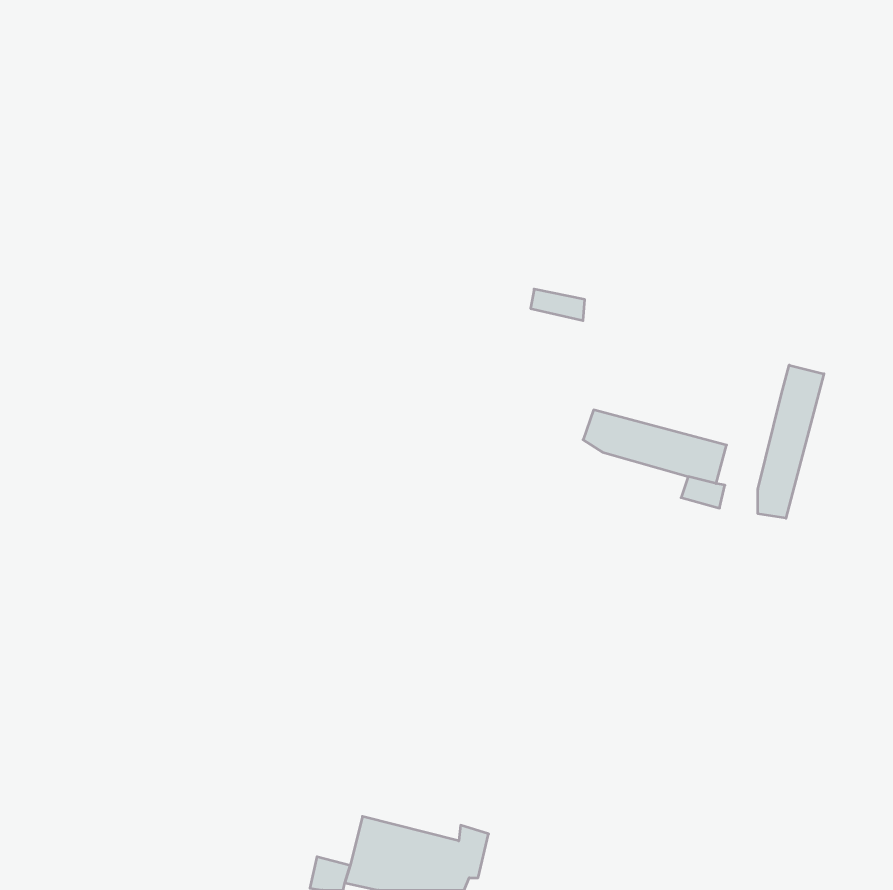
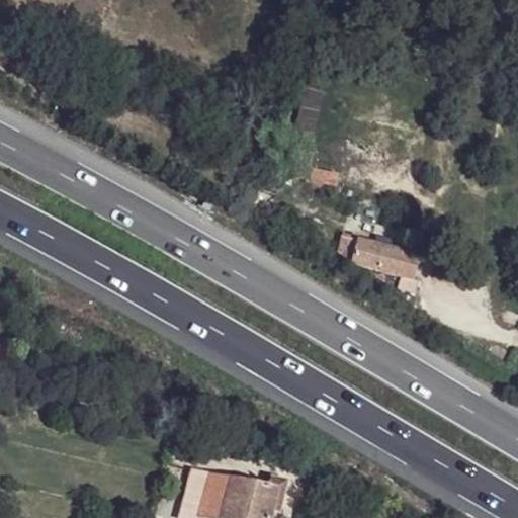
building: [758,365,824,518] -> none

